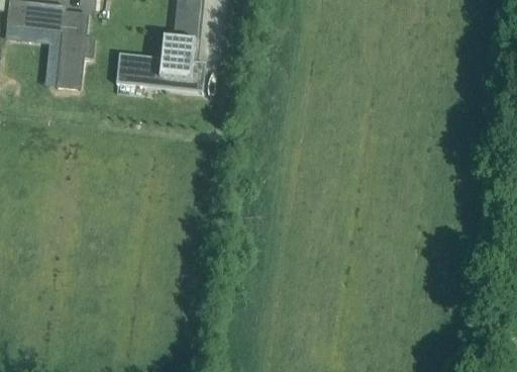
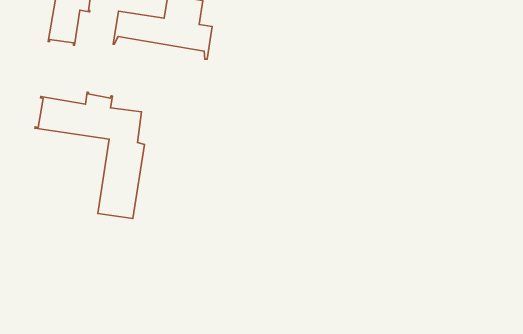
building: none -> [35,92,144,218]

